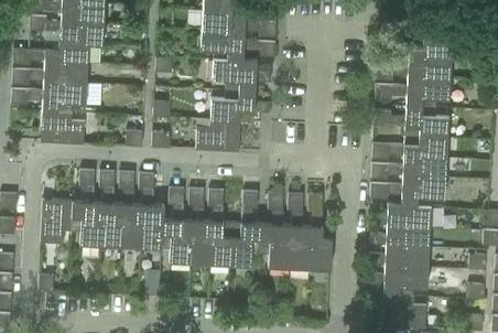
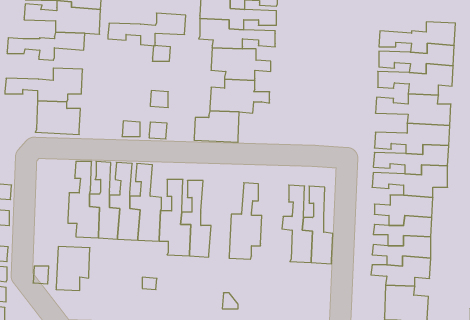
building: [12,60,88,92] -> [108,13,186,46]
building: [203,191,232,266] -> none
building: [261,193,292,269] -> none
building: [41,201,74,244] -> [56,247,90,290]

